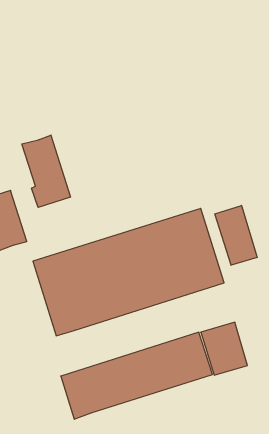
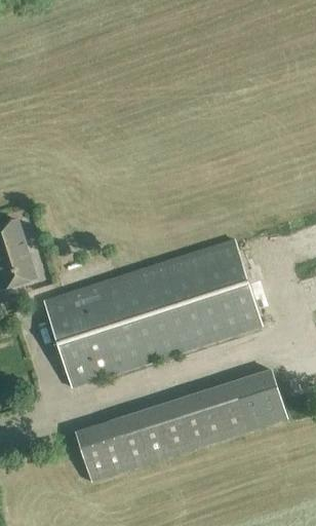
building: [22,135,71,207] -> none
building: [215,205,257,265] -> none

